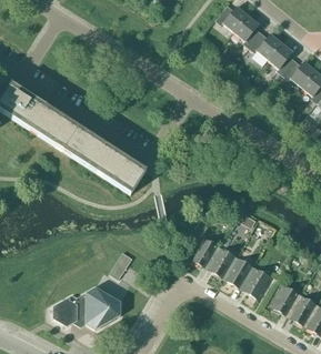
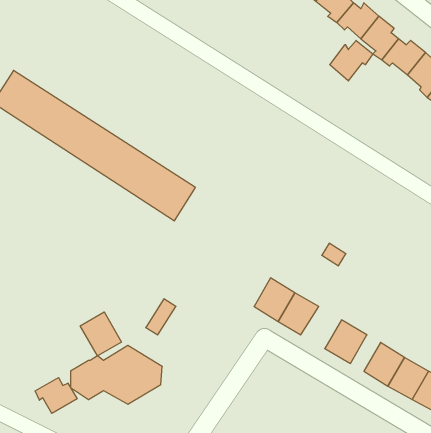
building: none -> [330,40,373,81]
building: [223,257,253,289] -> none
building: none -> [80,312,121,356]
building: none -> [35,378,77,413]

